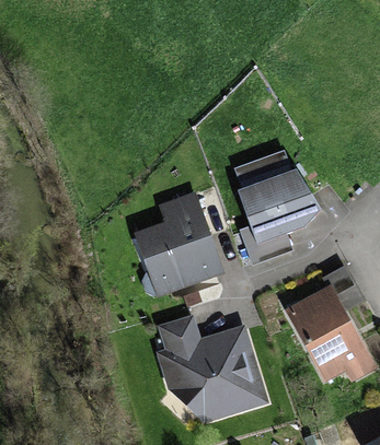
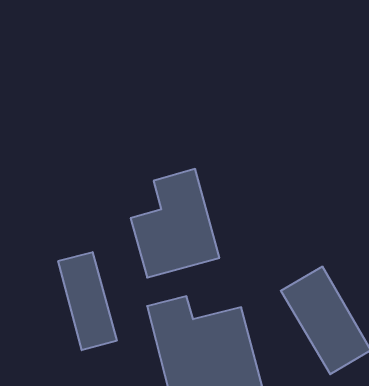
building: [227,137,319,236] -> none
building: none -> [58,252,117,350]

